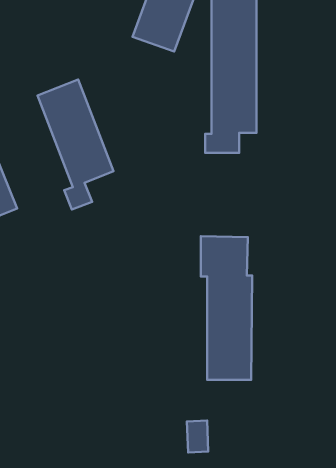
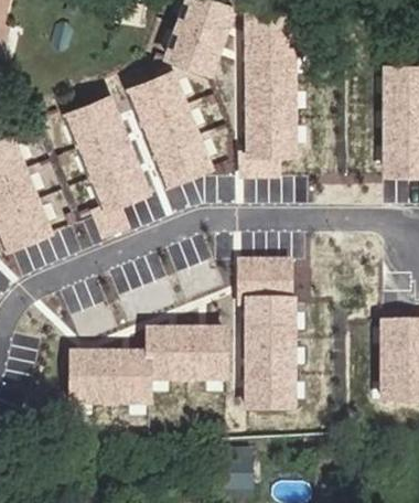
building: none -> [131,69,210,179]
building: none -> [69,329,223,399]

